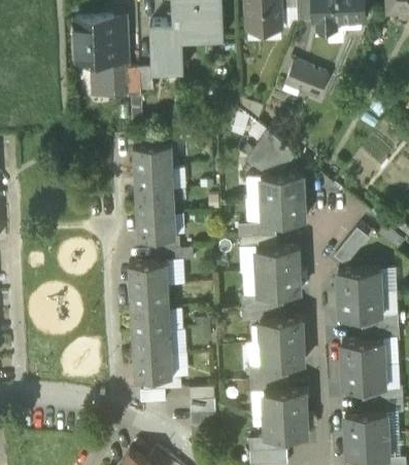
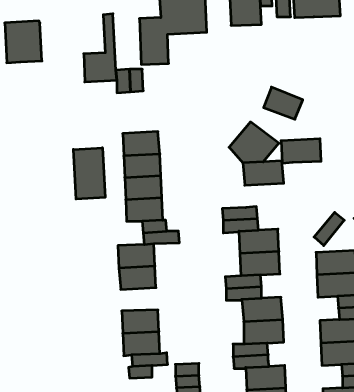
building: [76,16,115,61] -> [5,21,42,63]
building: [285,62,327,96] -> [264,87,303,119]
building: none -> [73,148,105,199]
building: [263,196,305,222] -> [281,139,321,163]
building: [132,307,171,331] -> none

